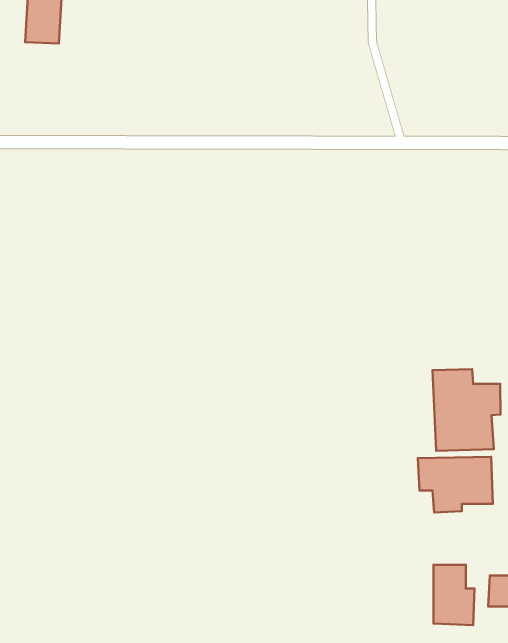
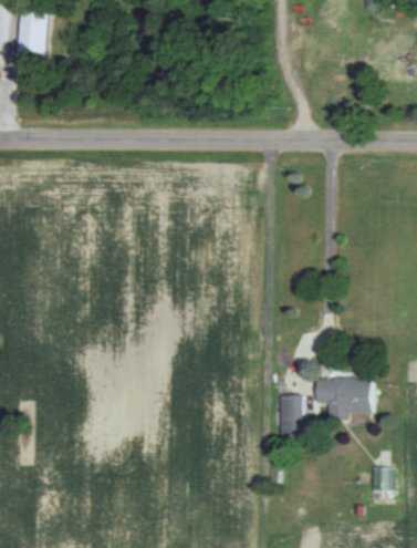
building: [432,369,500,451] -> none
building: [434,565,475,625] -> [279,395,310,441]

